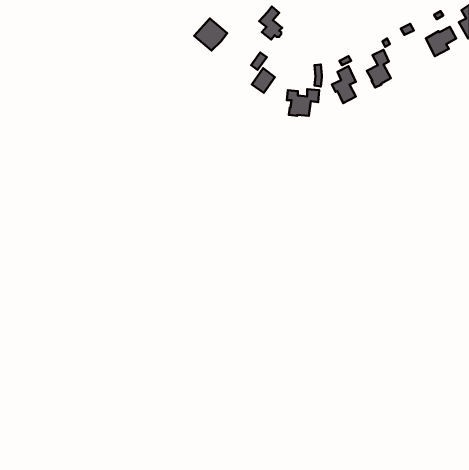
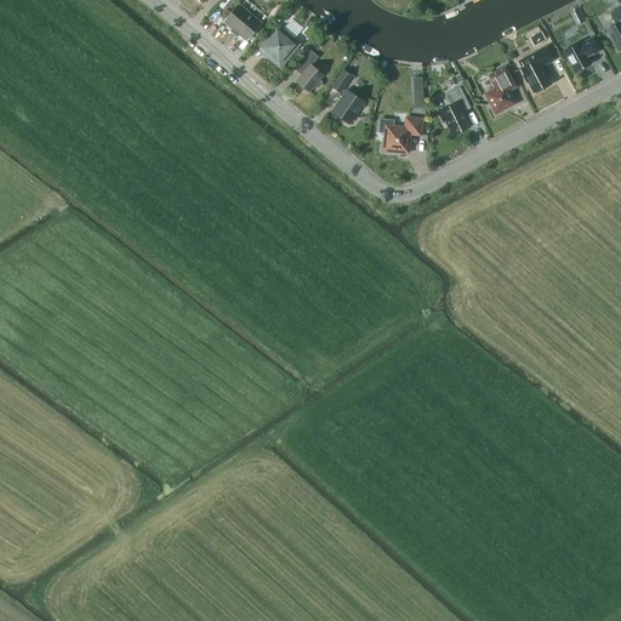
building: none -> [228,7,261,39]
building: [259,7,282,40] -> [294,47,324,91]
building: none -> [519,45,557,93]

